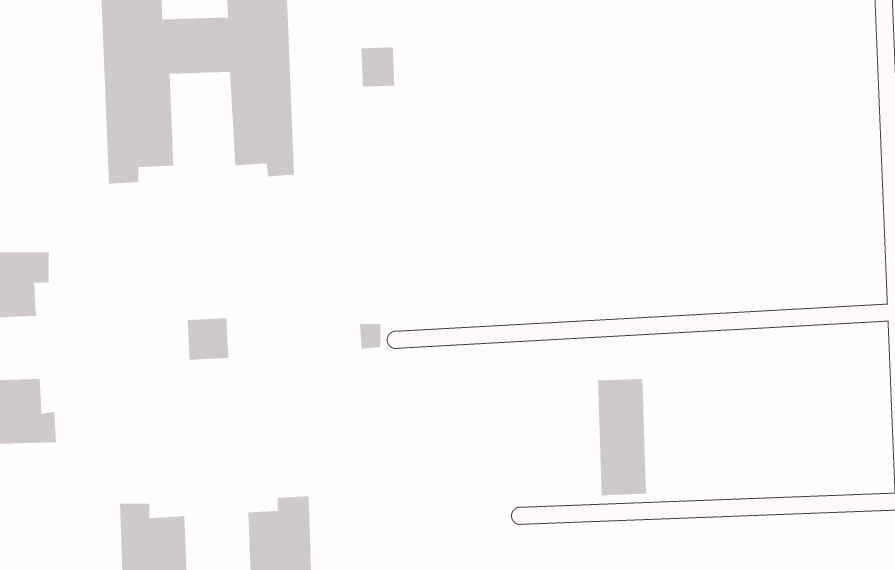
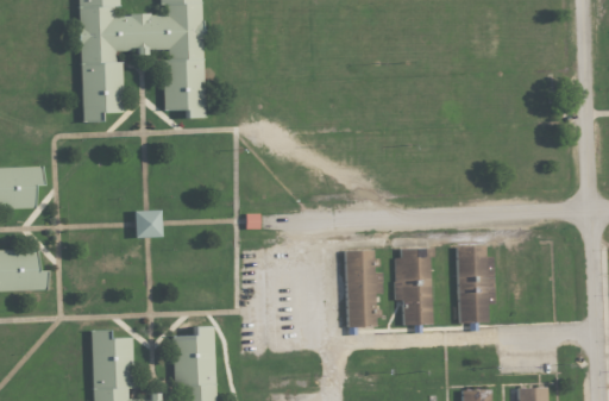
building: [361,46,395,87] -> none
building: none -> [457,248,496,322]
building: none -> [344,250,378,328]

